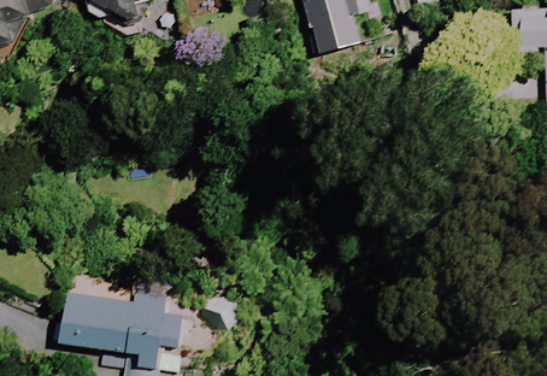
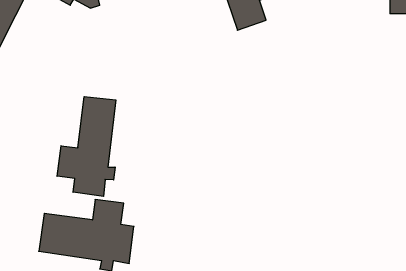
building: none -> [57,97,116,196]

